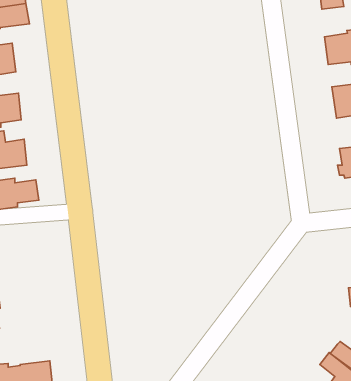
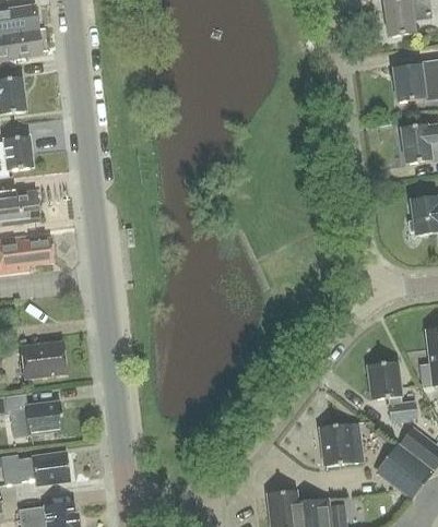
building: none -> [21,340,67,378]
building: none -> [368,360,418,419]
building: none -> [12,399,63,433]
building: none -> [320,421,363,466]

